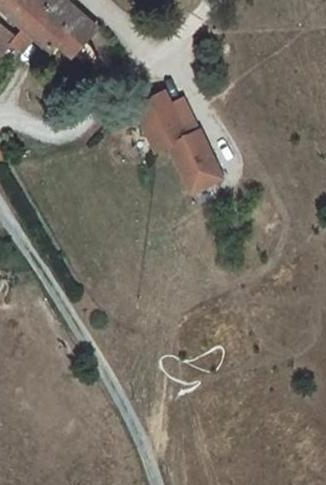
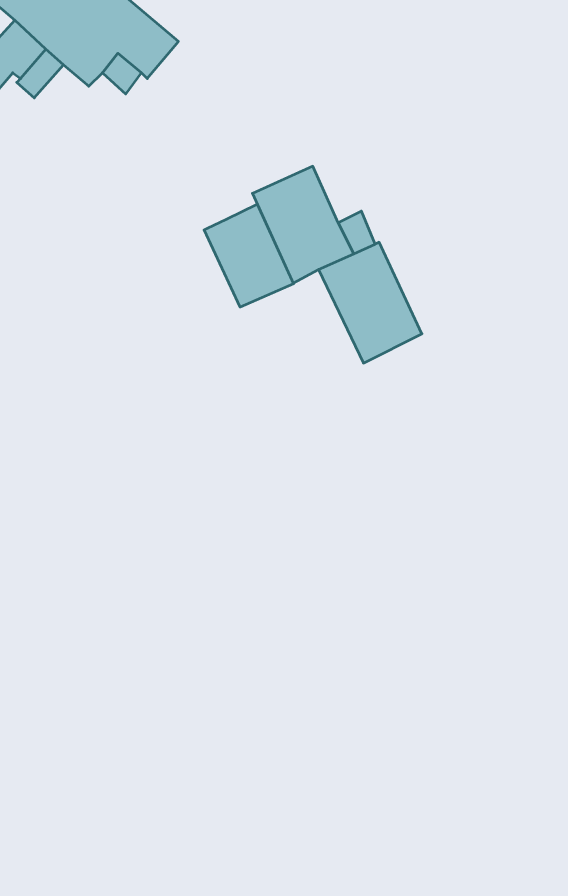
building: none -> [204,204,294,307]

